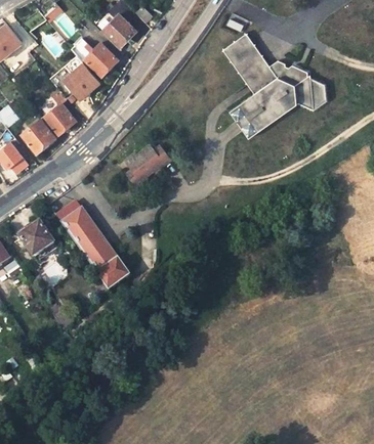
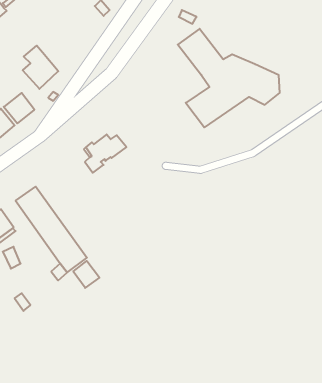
building: [103,13,136,47] -> none
building: [72,38,118,75] -> none
building: none -> [73,261,99,288]

